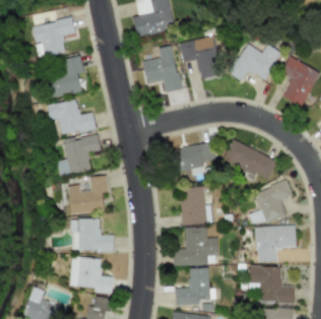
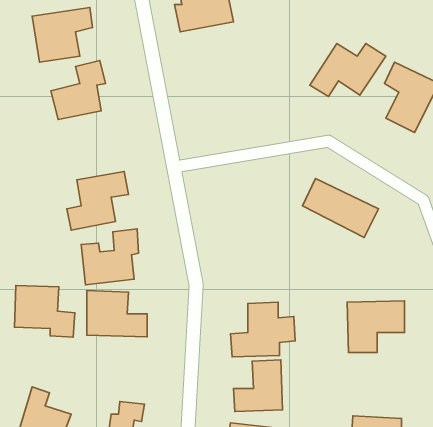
building: [179,36,223,79] -> none
building: [143,46,180,92] -> none
building: [48,99,97,136] -> none
building: [174,143,215,171] -> none
building: [249,180,292,227] -> none
building: [178,185,212,226] -> none
building: [70,257,113,294] -> [14,285,75,337]
building: [249,265,295,303] -> none

